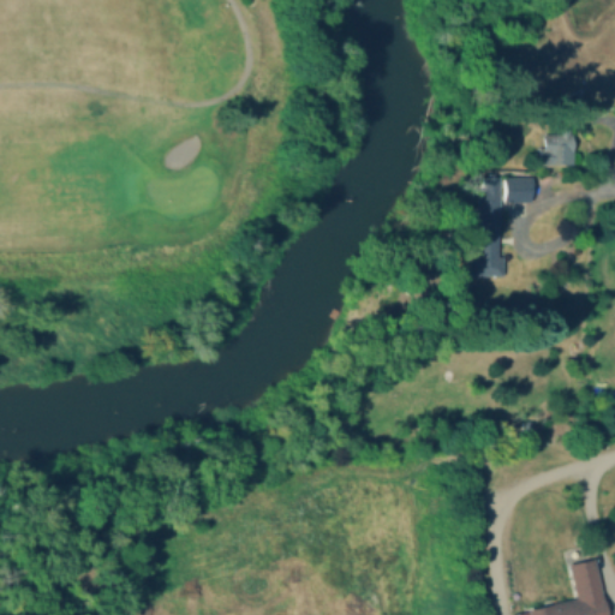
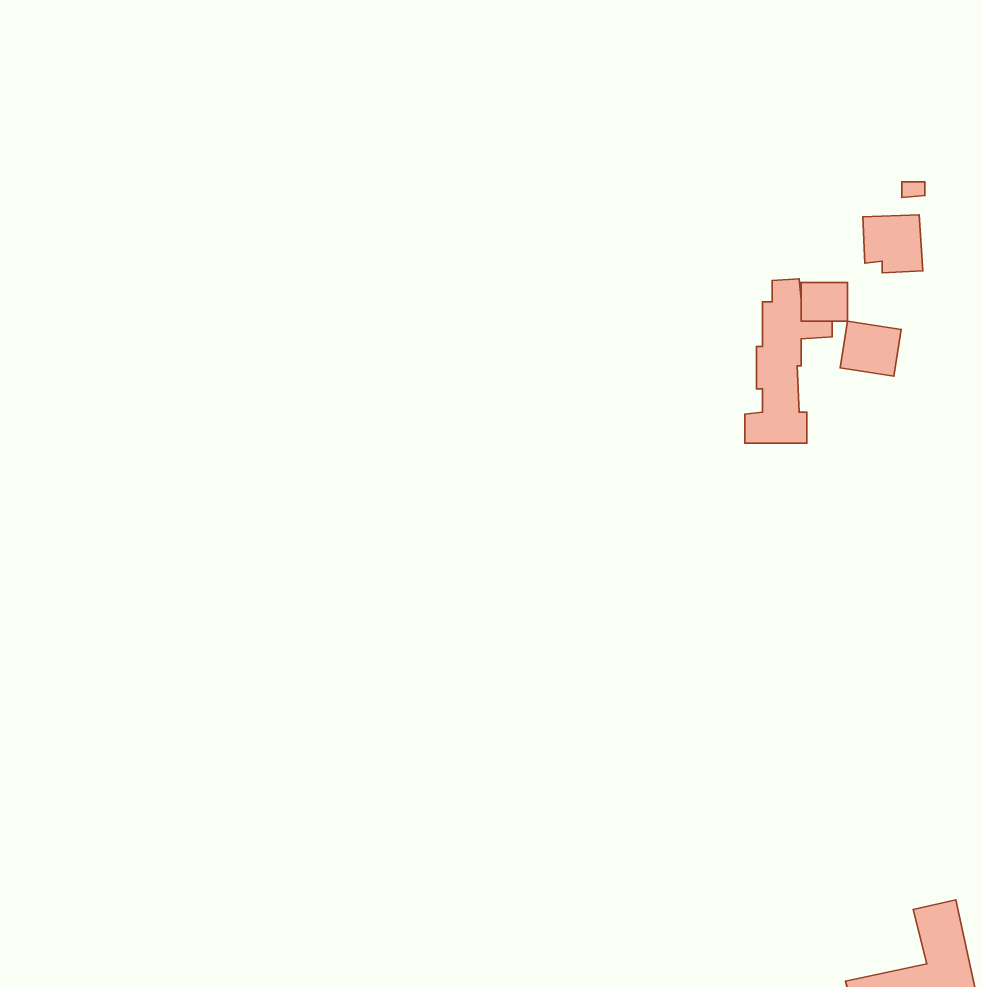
building: none -> [840,321,901,376]

